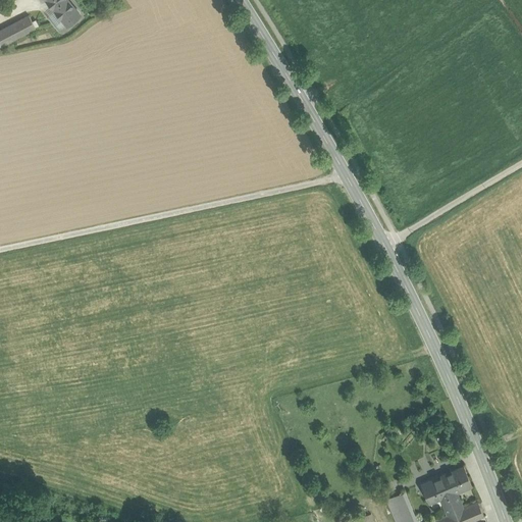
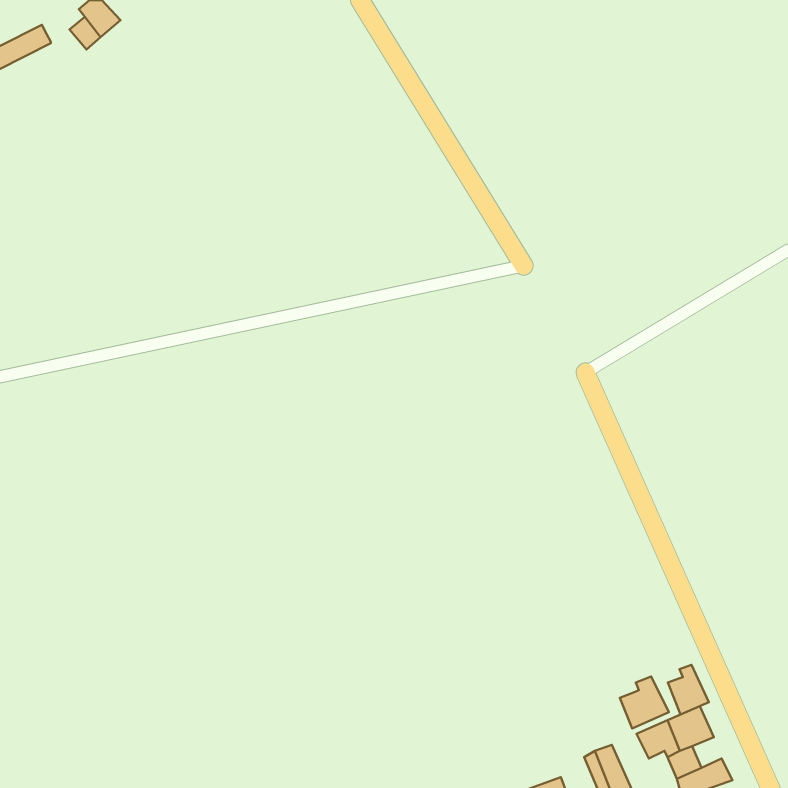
building: none -> [668,665,709,714]
building: none -> [620,677,669,729]

